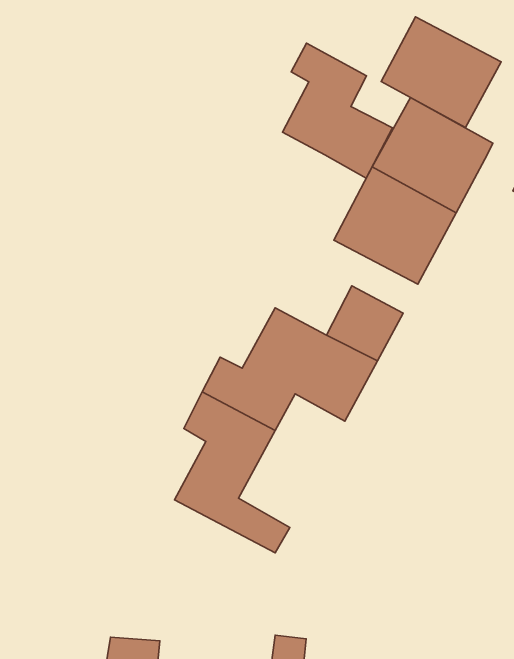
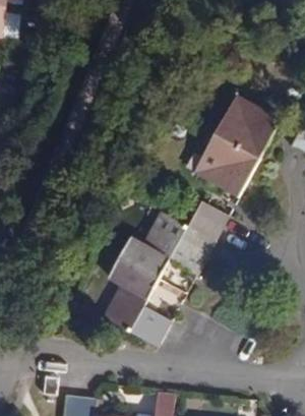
building: [381,17,501,128] -> none
building: [282,43,392,178] -> none

